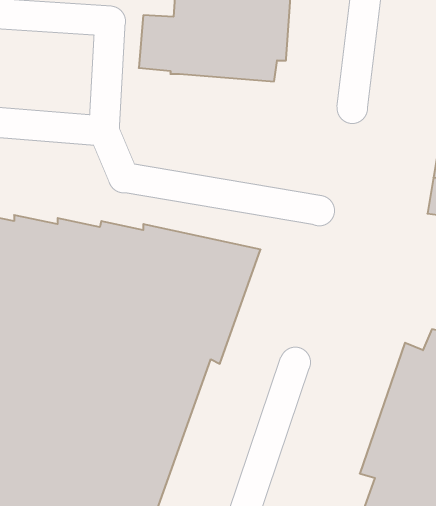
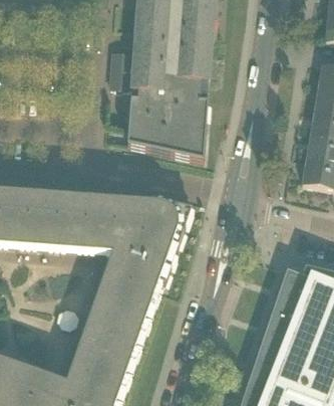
building: none -> [127,89,208,159]

